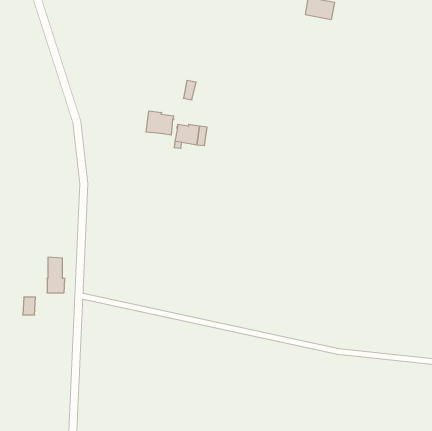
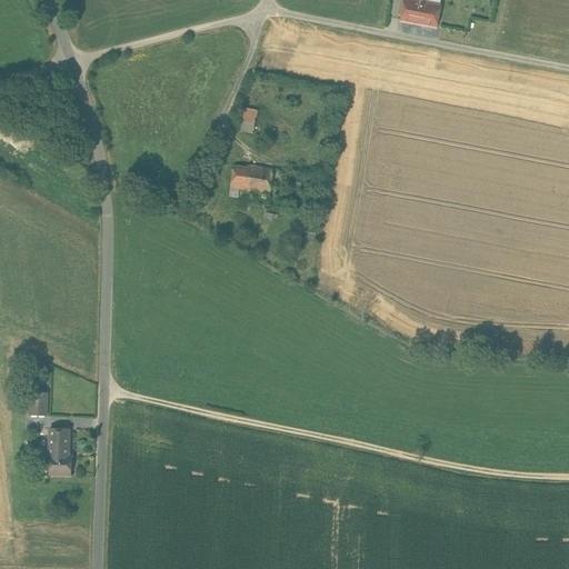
building: [146,111,174,135] -> none
building: [47,257,65,293] -> [49,426,72,472]

